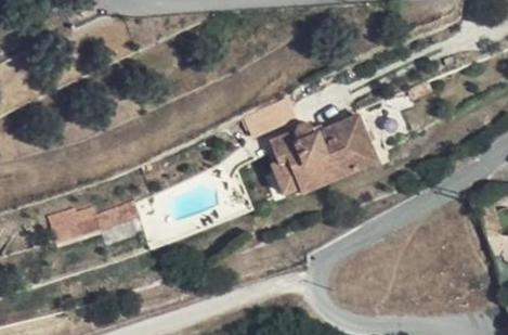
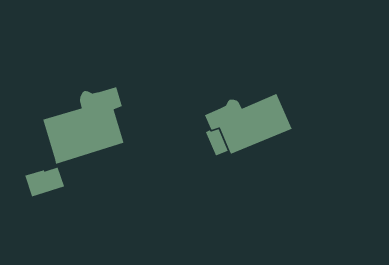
building: none -> [42,86,124,165]

